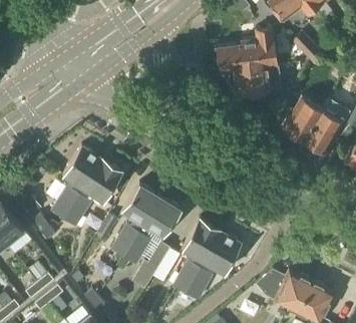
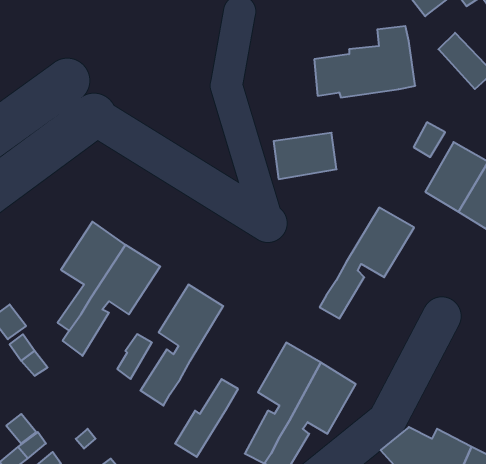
building: [233,66,271,94] -> [274,133,337,179]
building: [125,198,183,265] -> [320,208,414,319]

